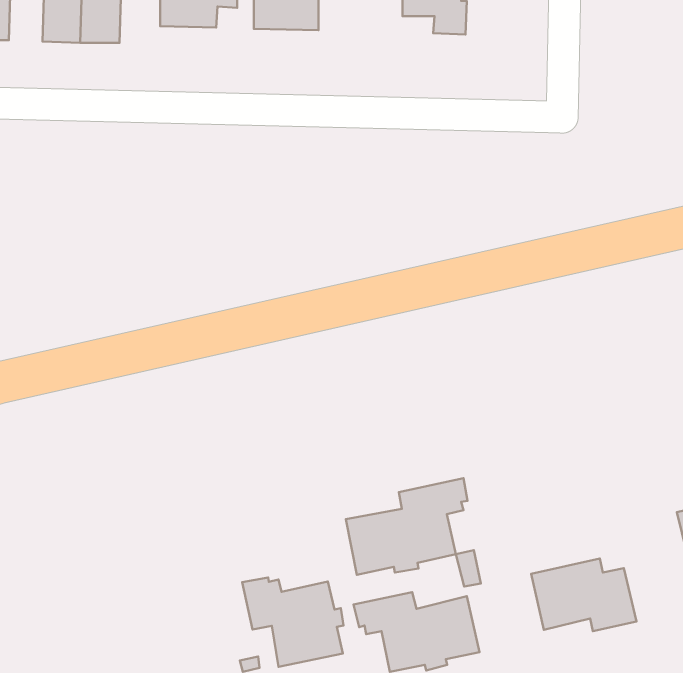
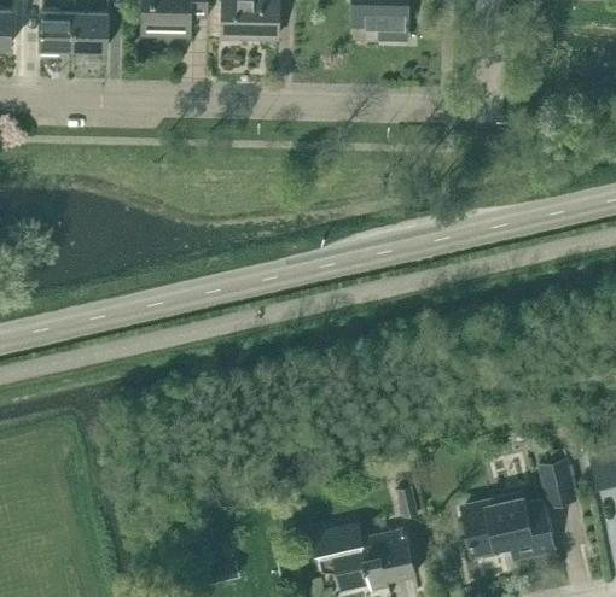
building: [346,478,468,575] -> none
building: none -> [539,450,575,507]
building: [242,577,343,667] -> none

